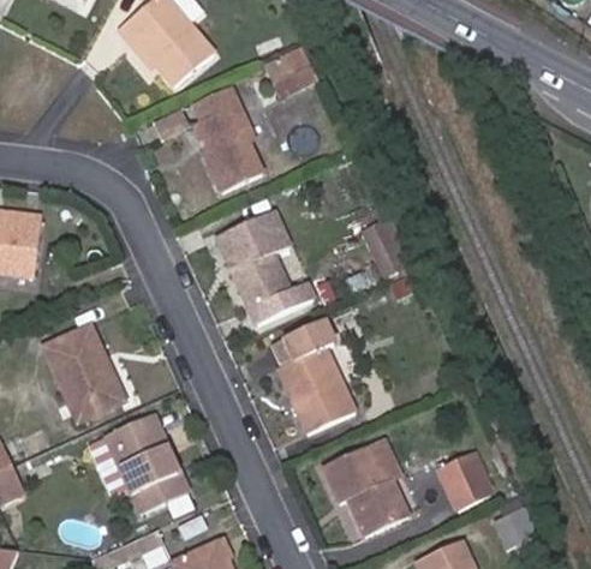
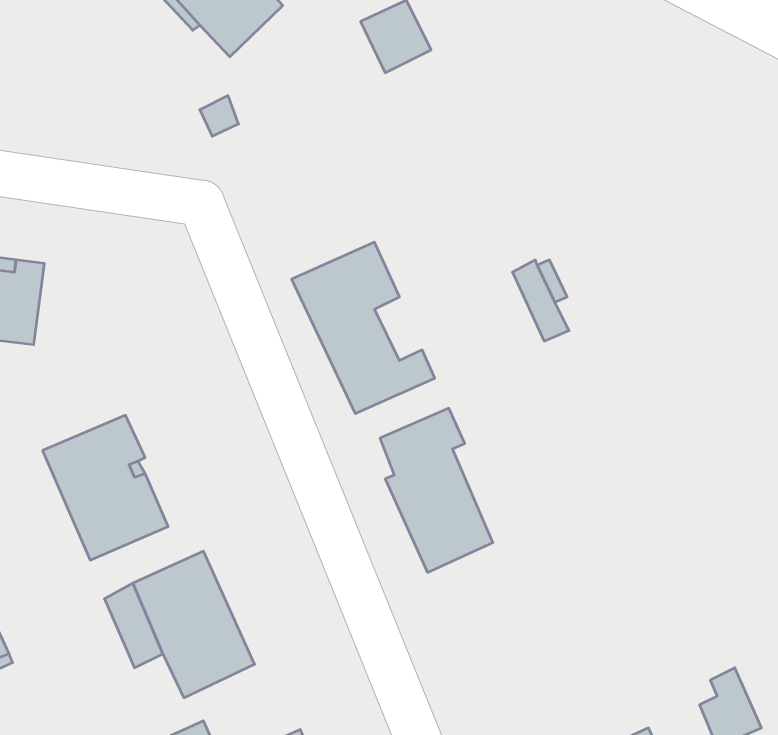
building: [193,83,257,187] -> none
building: [324,449,404,537] -> none
building: [440,454,491,509] -> none

